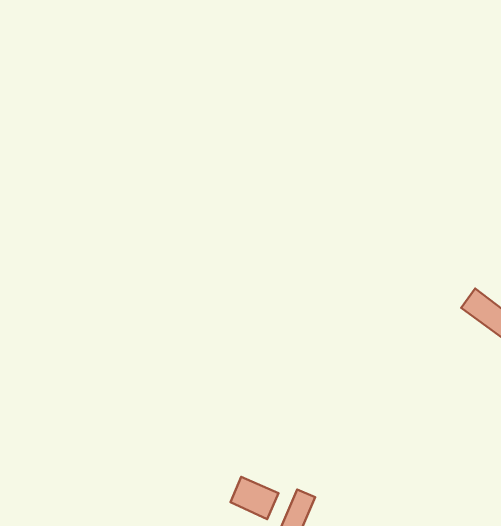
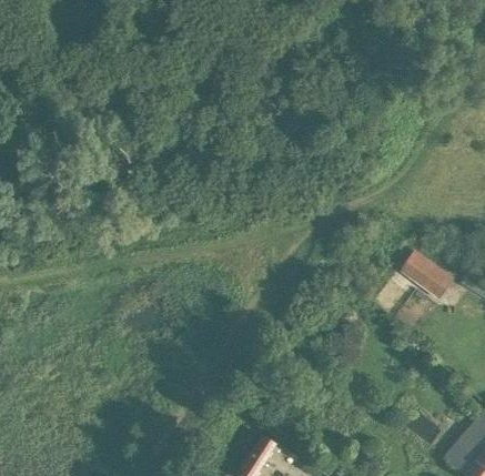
building: [231,477,279,519] -> none

